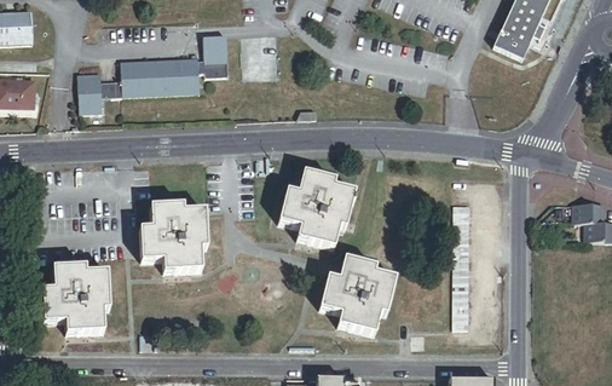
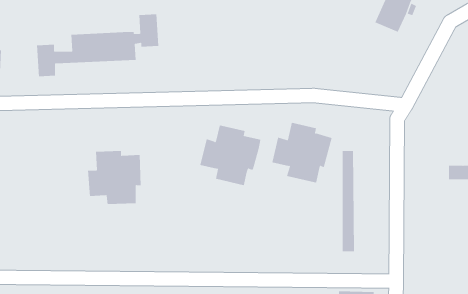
building: [572,203,602,221] -> none
building: [321,258,396,333] -> [271,122,332,183]
building: [42,266,110,333] -> none

